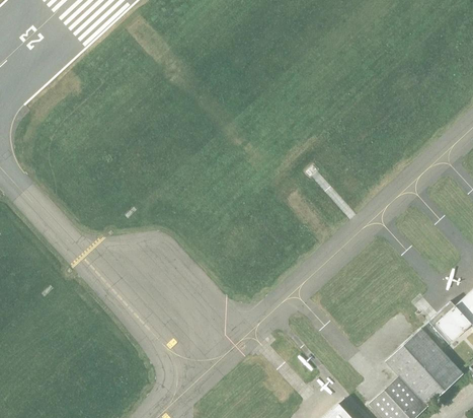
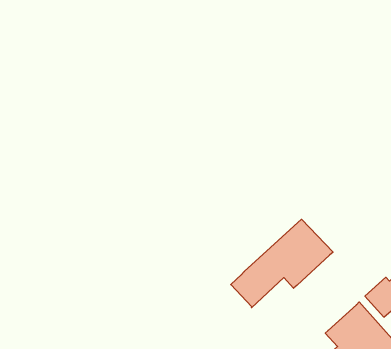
building: none -> [231,219,333,308]

